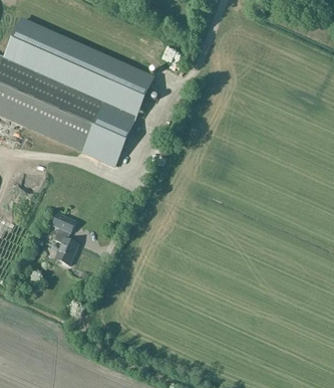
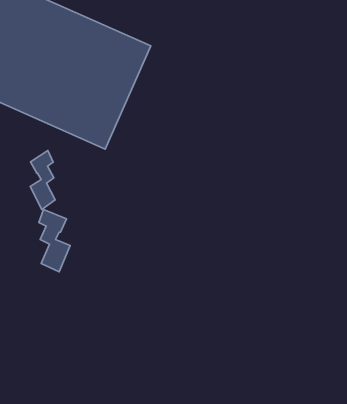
building: none -> [30,151,55,210]

